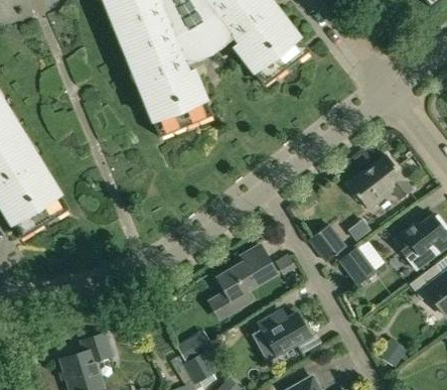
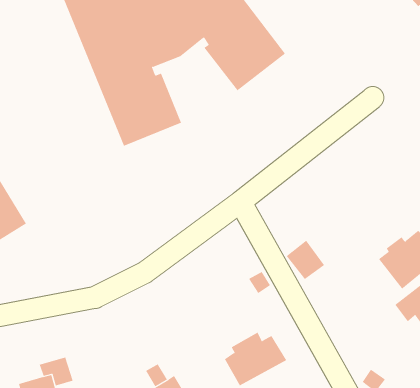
building: [347,155,412,210] -> none
building: [338,239,384,285] -> none
building: [209,252,269,317] -> none

